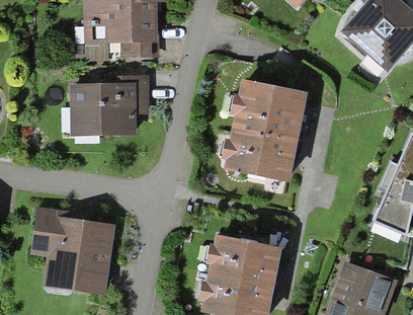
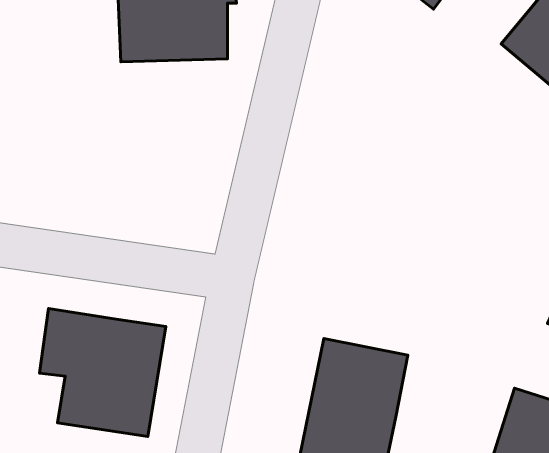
building: [68,77,148,139] -> none
building: [229,77,306,179] -> none

